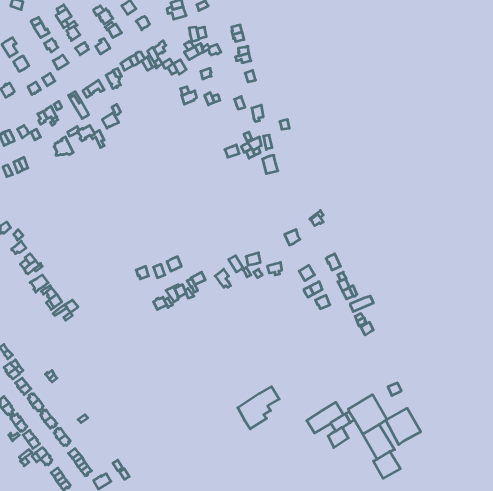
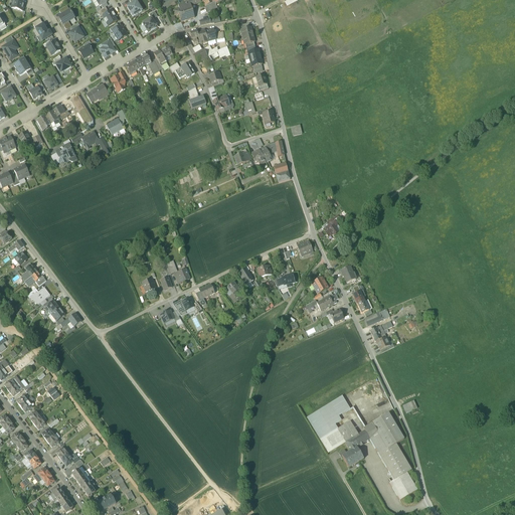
building: [238,387,279,429] -> [307,394,350,439]
building: [386,408,421,445] -> none

